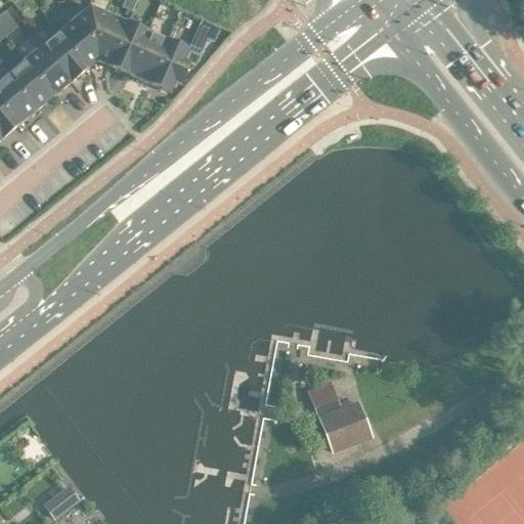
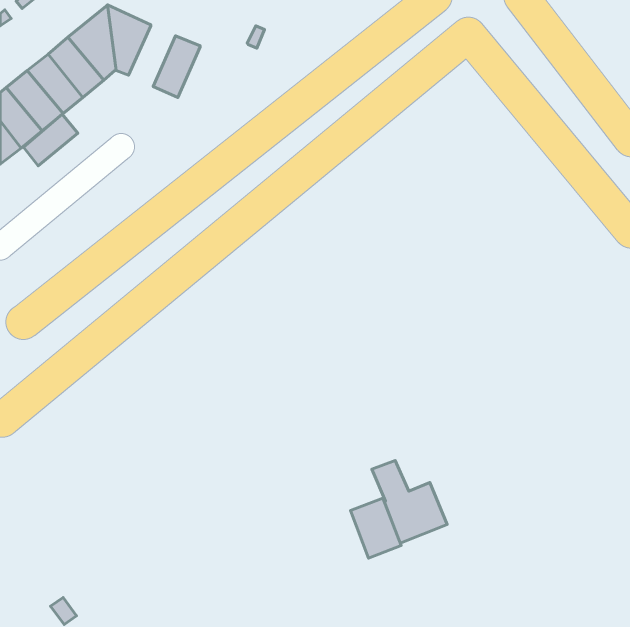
building: [107,20,146,72] -> none
building: [148,38,201,90] -> none
building: none -> [24,114,78,166]
building: none -> [350,498,401,558]

